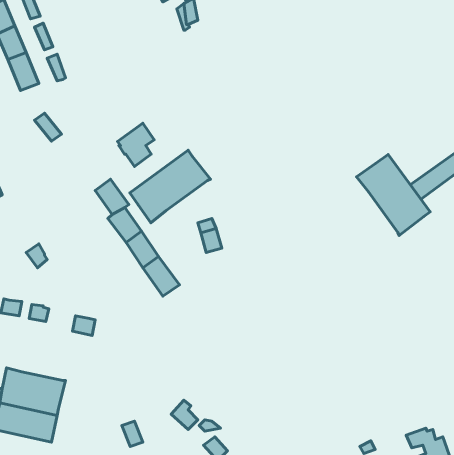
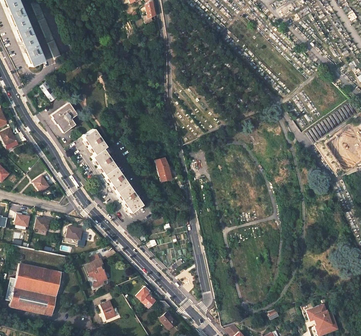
building: [118,123,154,167] -> [51,102,77,133]
building: [130,150,211,223] -> none
building: [357,155,430,236] -> none
building: none -> [85,258,107,288]

